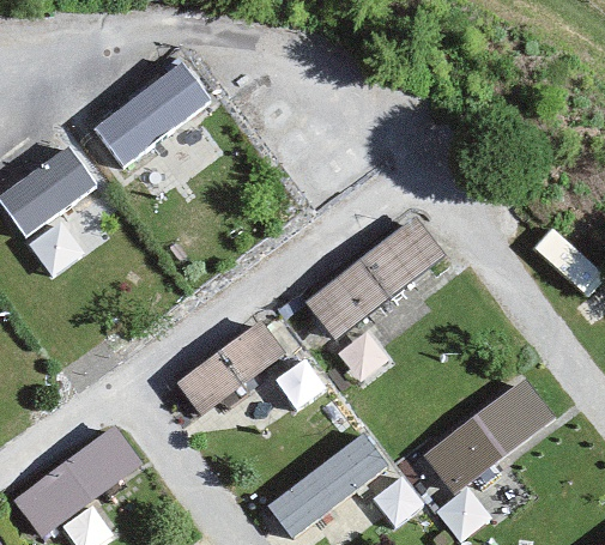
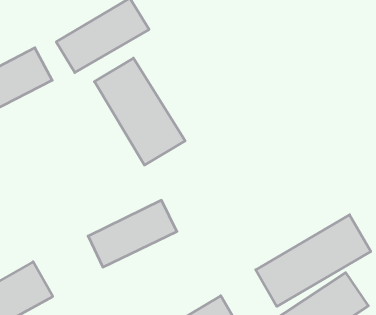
building: none -> [94,58,185,165]
building: [303,214,448,347] -> [256,215,371,306]

